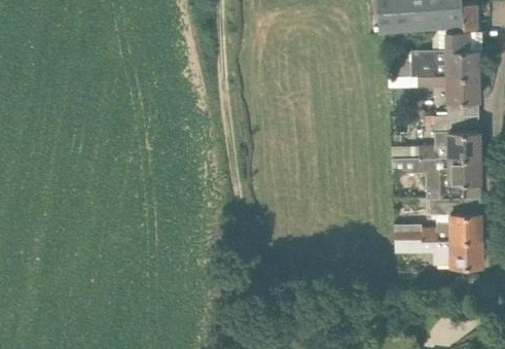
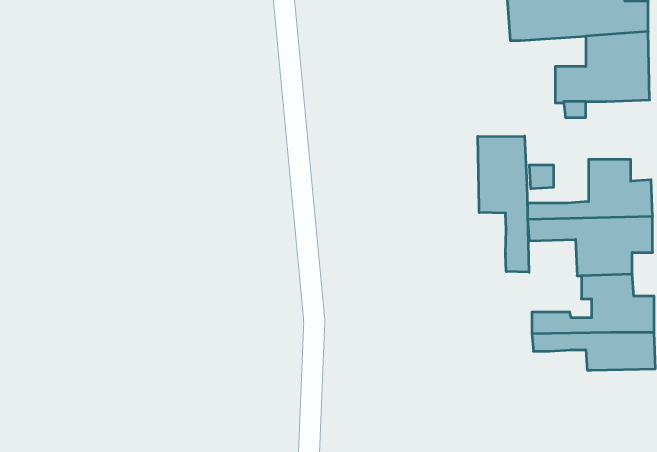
building: [447,74,479,101] -> none
building: none -> [478,136,529,272]

